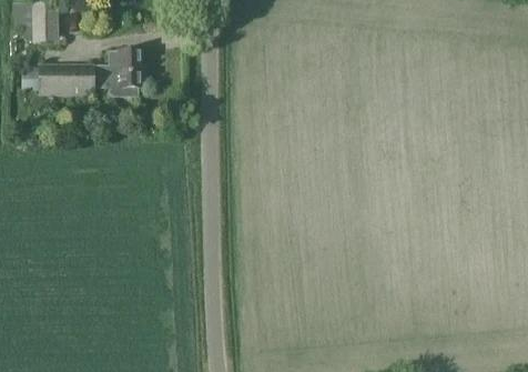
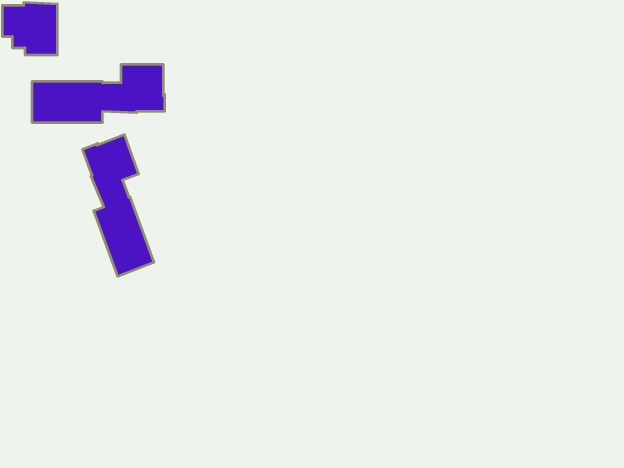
building: none -> [83,135,154,276]

